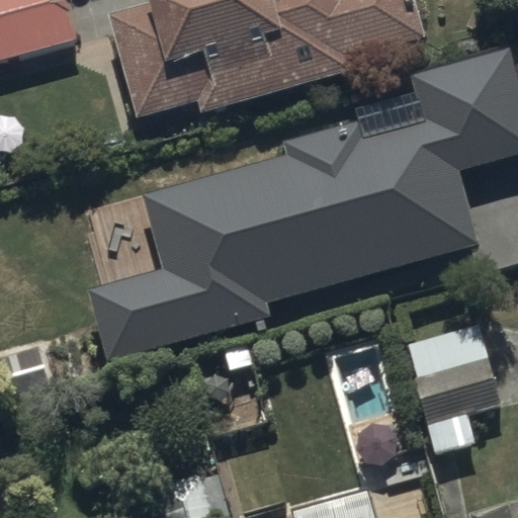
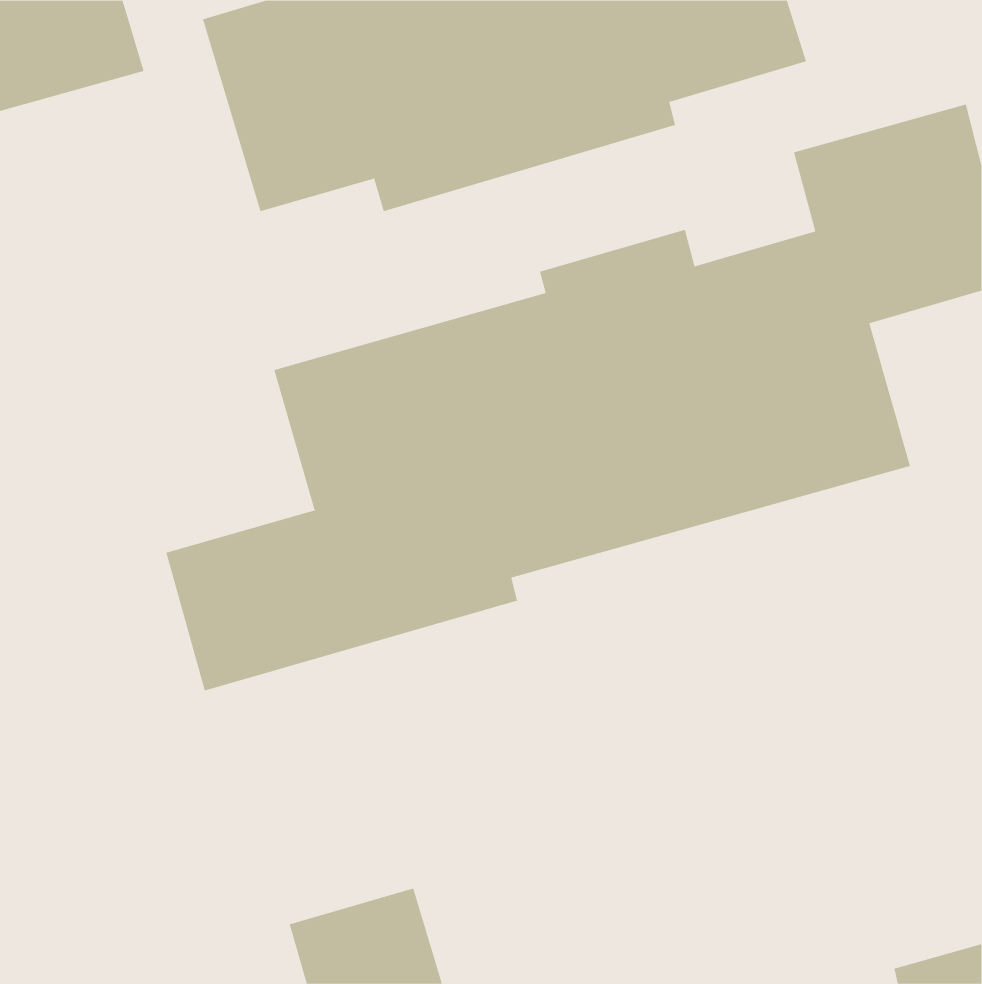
building: [406,321,502,449] -> none

